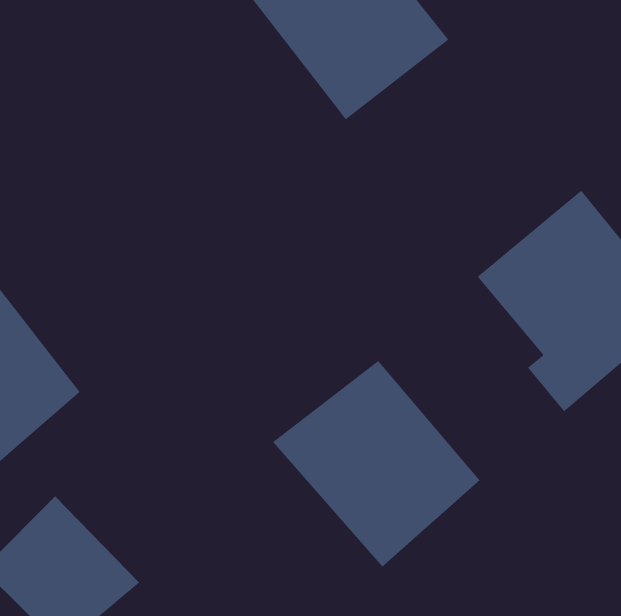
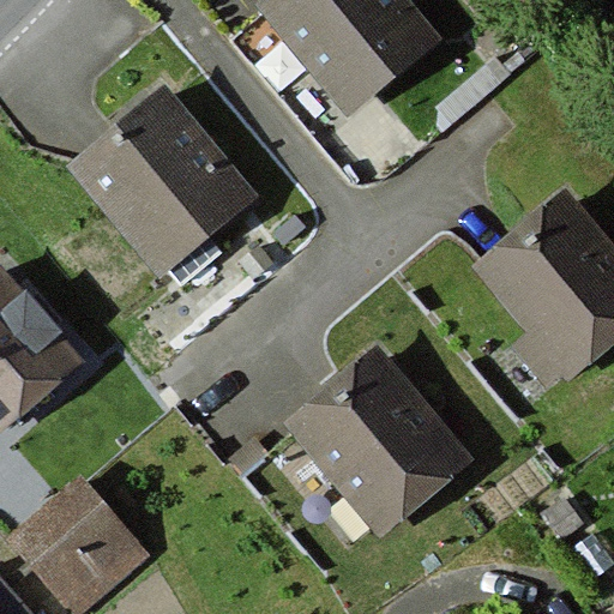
building: none -> [52,80,254,302]

